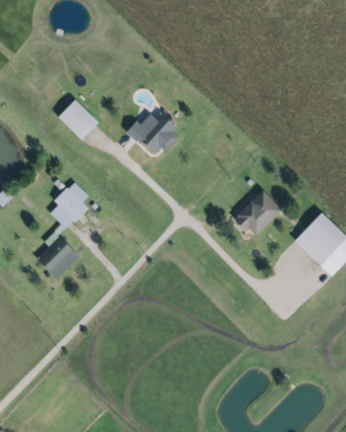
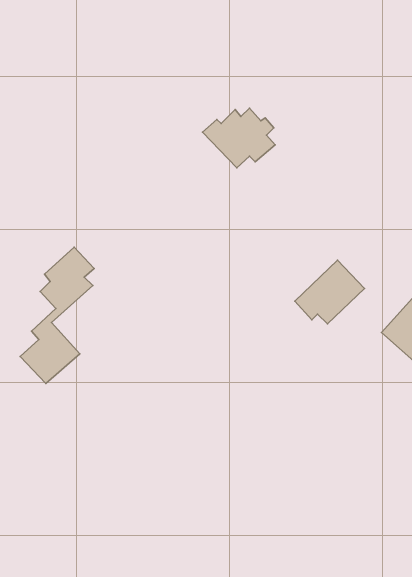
building: [57,99,98,141] -> none
building: [126,112,178,155] -> [203,108,275,168]

